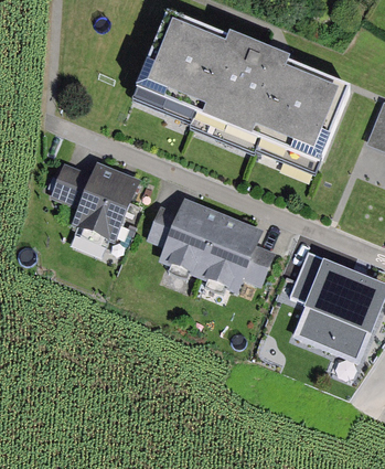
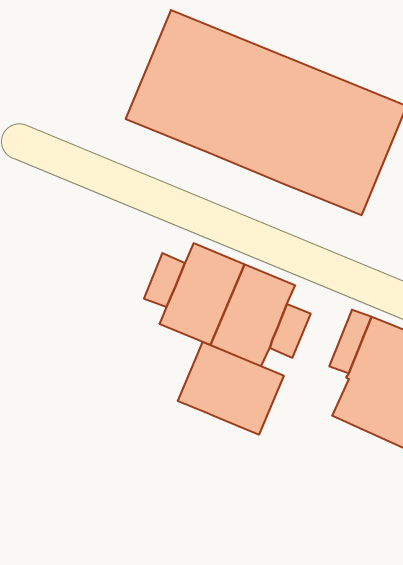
building: [50,159,140,242] -> none
building: none -> [178,342,284,435]

